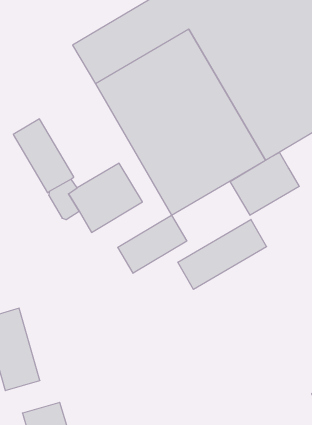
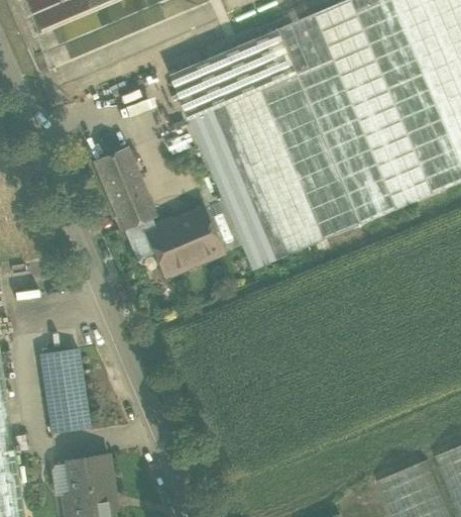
building: [230,153,299,215] -> none
building: [118,215,187,273] -> none
building: [178,219,267,289] -> none

